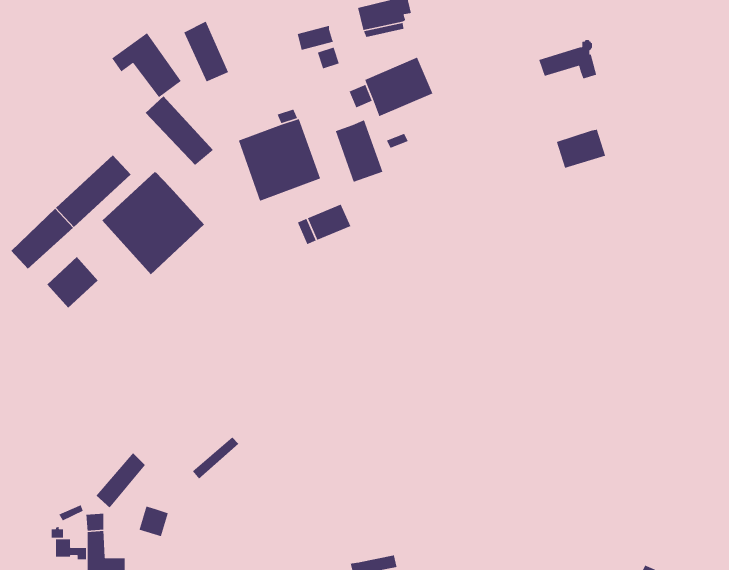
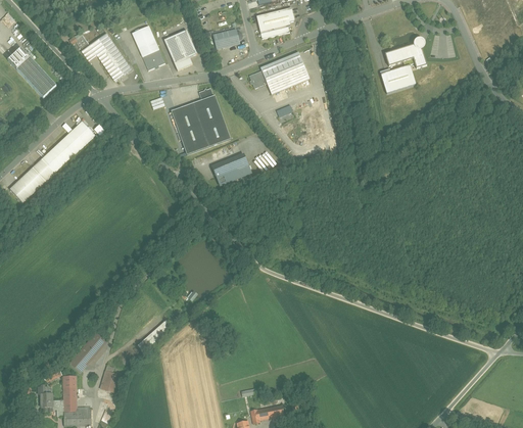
building: none -> [163,30,196,69]
building: [145,95,214,166] -> [7,47,56,97]
building: [335,119,383,183] -> none
building: [556,129,606,169] -> [380,64,416,93]
building: [102,171,205,275] -> none
building: [47,256,99,309] -> none

